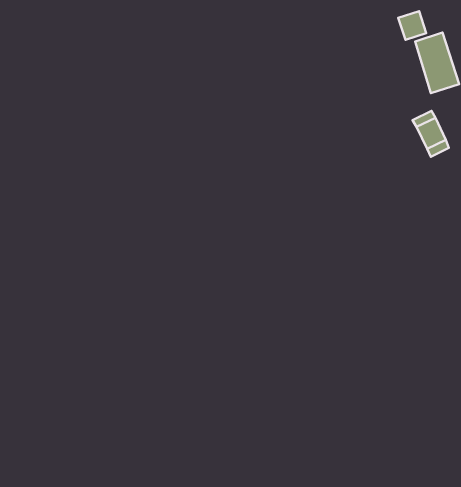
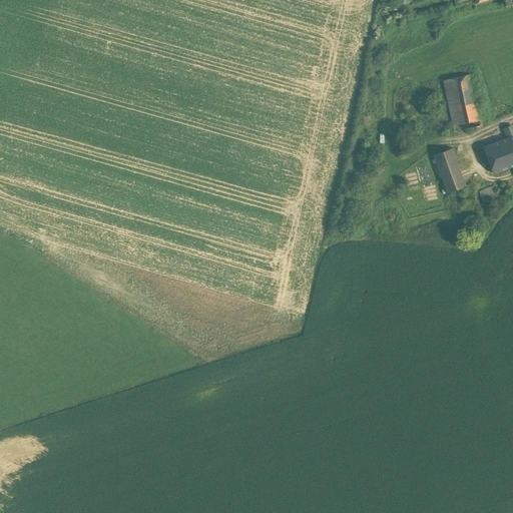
building: [398,11,426,40] -> none

